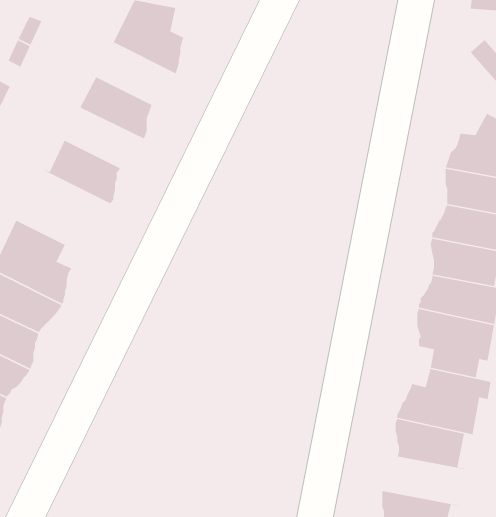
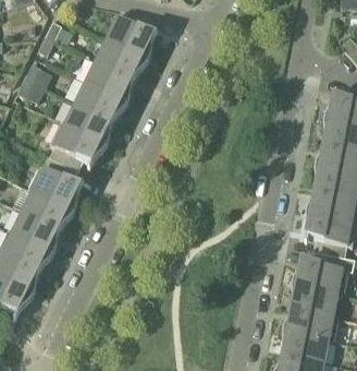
building: none -> [96,38,148,79]
building: none -> [75,81,127,120]
building: none -> [44,121,106,170]
building: none -> [282,309,337,340]

